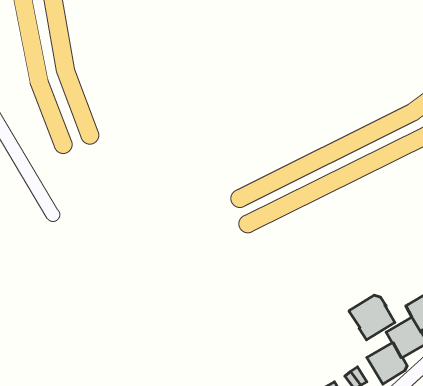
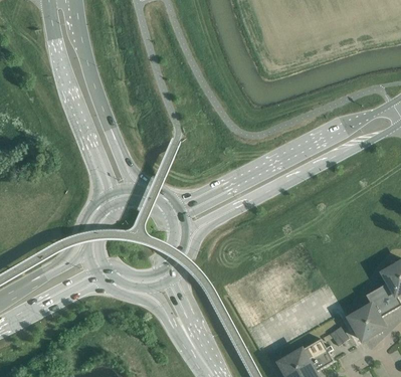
building: [349,295,395,340] -> none

